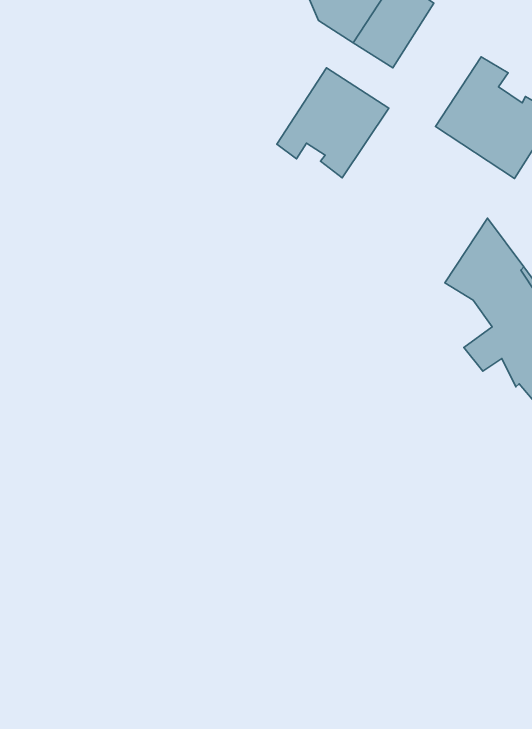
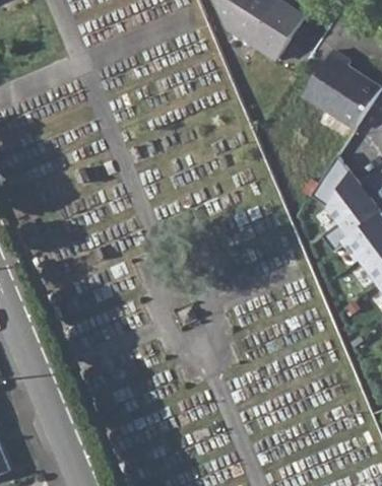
building: [277,68,389,178] -> none

